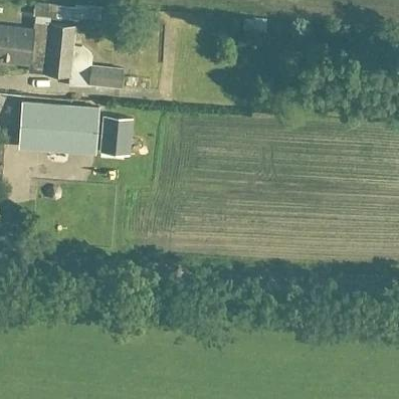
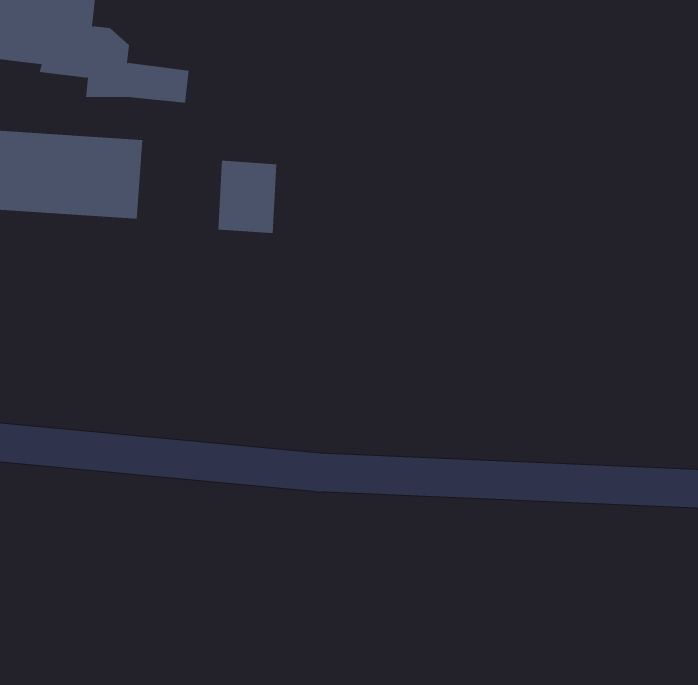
building: [99,117,131,155] -> [217,160,277,234]

